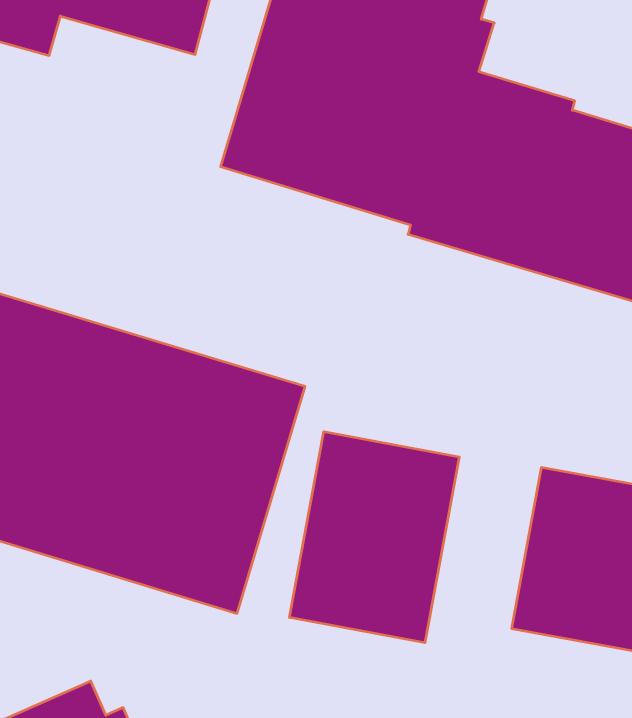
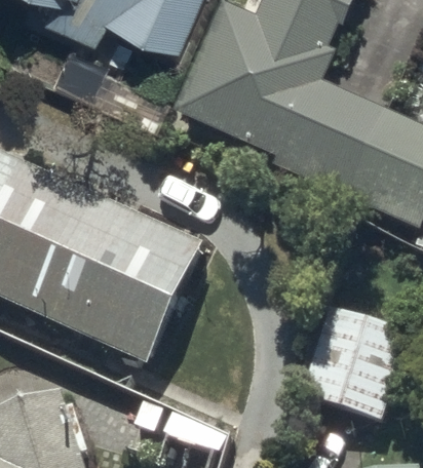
building: [290,432,459,643] -> none

